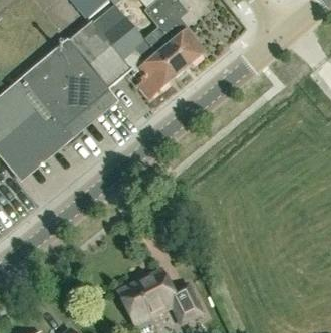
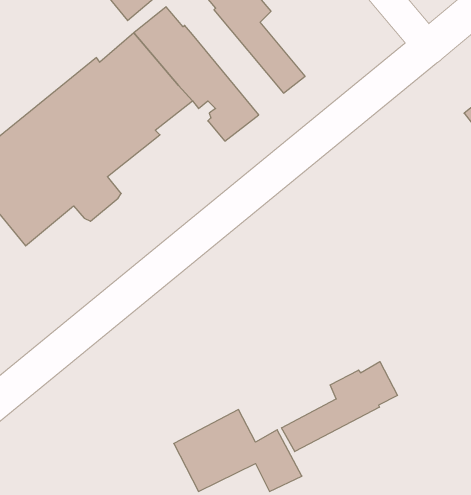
building: [130,10,190,78] -> none
building: none -> [282,362,397,452]

